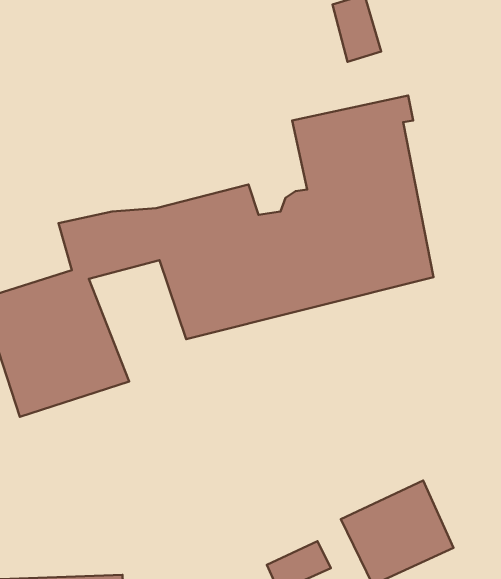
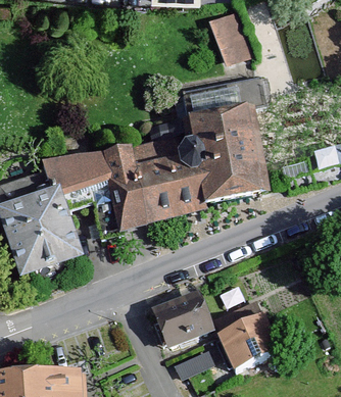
building: none -> [149,293,211,348]

